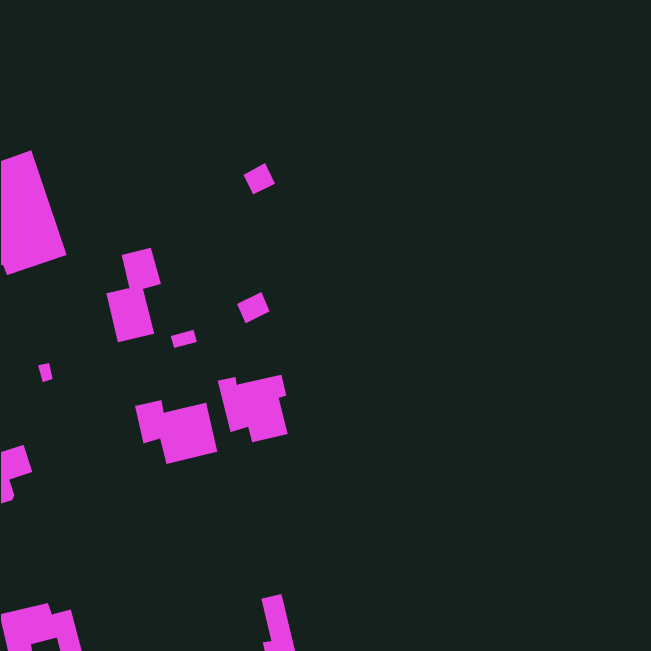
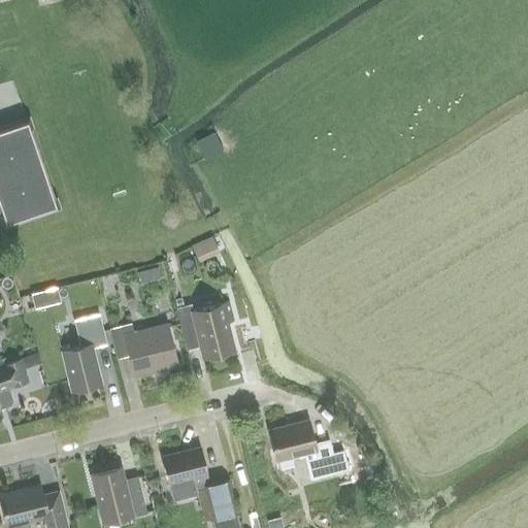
building: [106,247,162,343] -> [62,315,107,392]
building: none -> [269,421,353,480]
building: none -> [162,448,211,501]
building: none -> [93,471,147,520]

